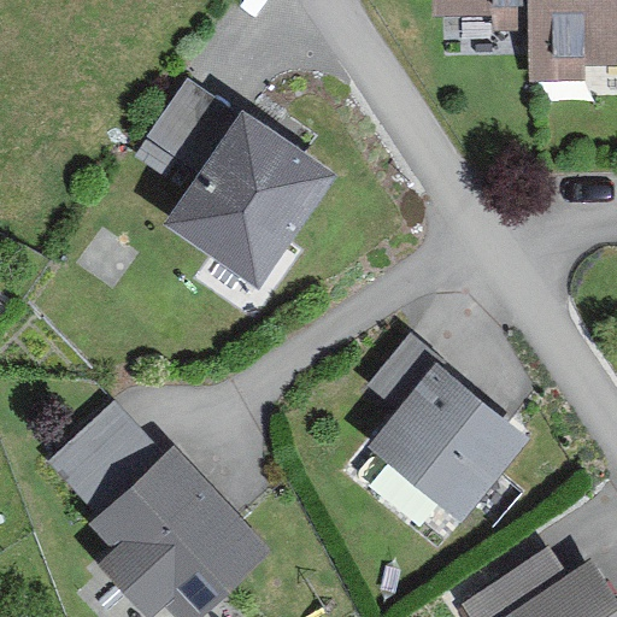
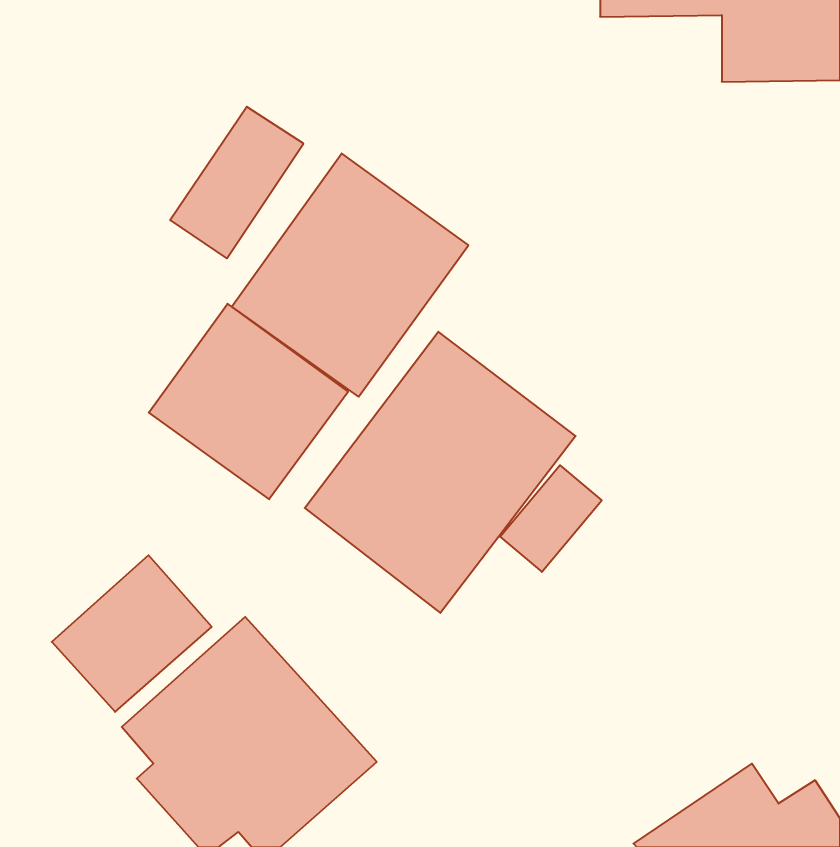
building: none -> [149,304,348,499]
building: none -> [305,332,576,613]
building: [370,369,529,524] -> none

